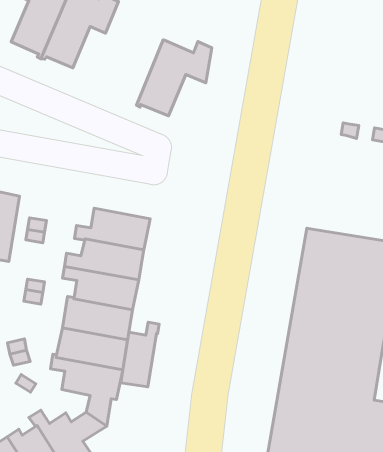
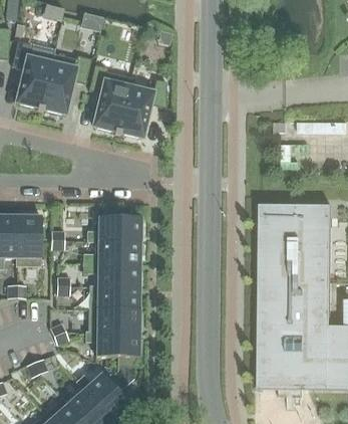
building: none -> [88,64,131,134]
building: [121,322,159,387] -> none

